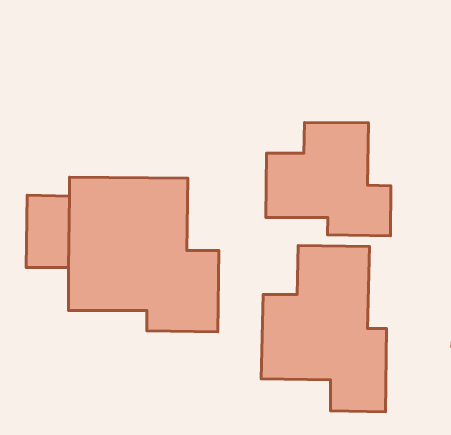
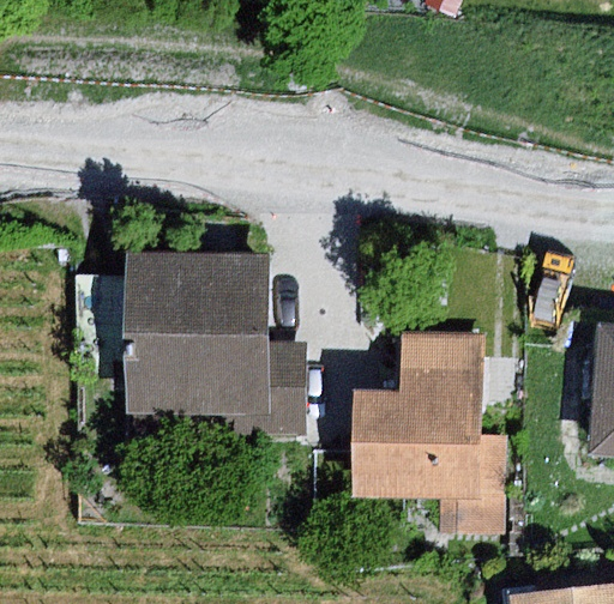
building: [266,123,391,236] -> none

